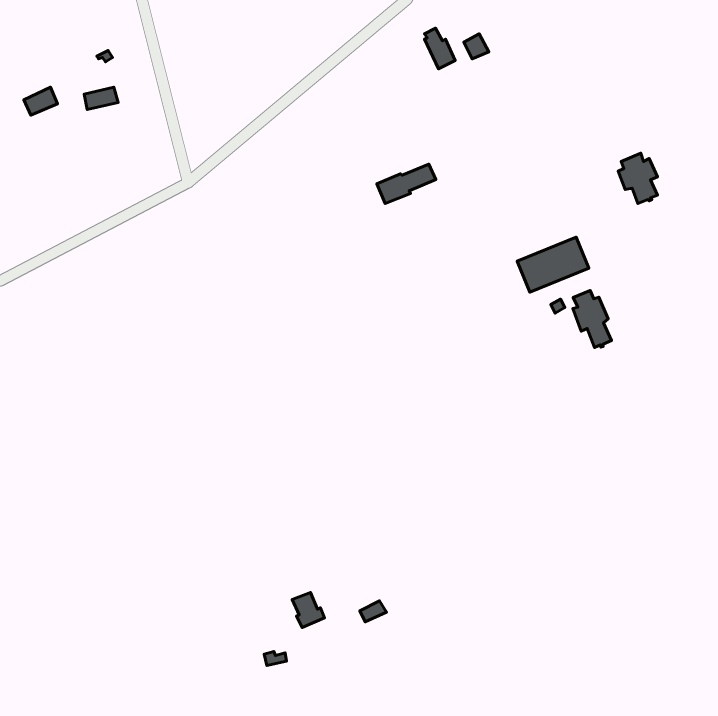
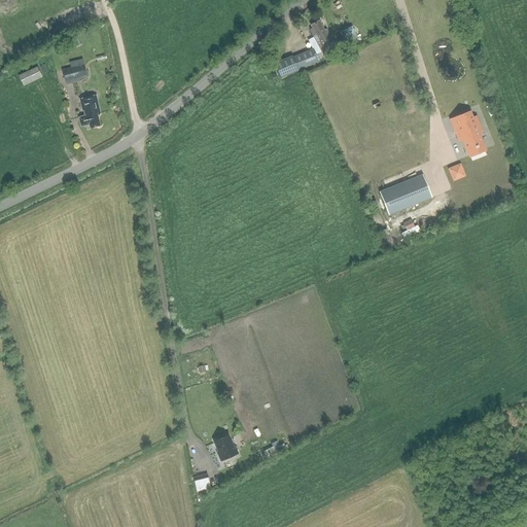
building: none -> [79,96,99,126]
building: [377,164,436,203] -> [274,48,317,77]
building: [573,291,611,347] -> none

